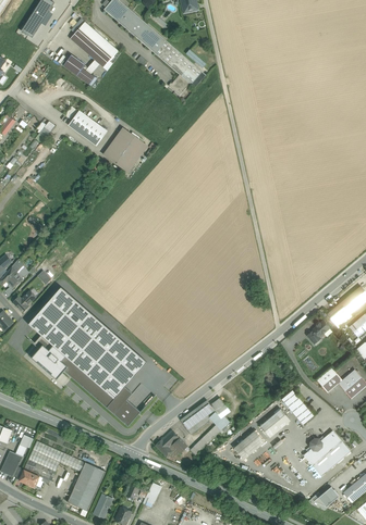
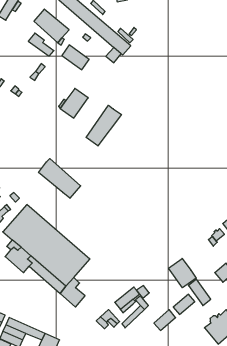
building: [70,111,107,145] -> [62,45,89,70]
building: none -> [86,105,121,146]
building: none -> [39,159,81,198]
building: none -> [168,258,196,288]

